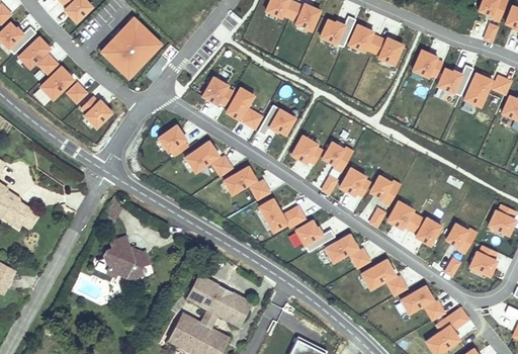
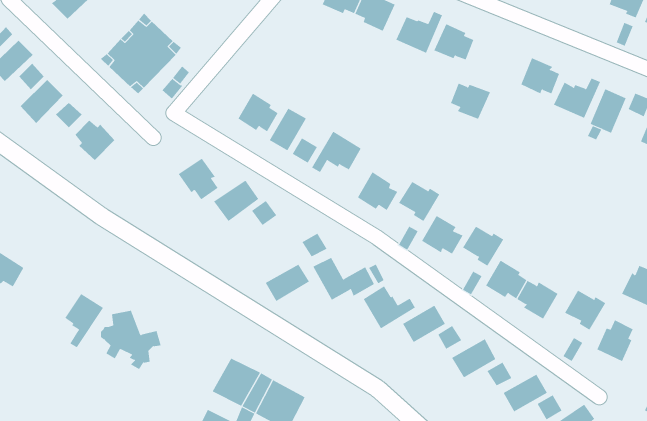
building: [372,36,403,64] -> [450,83,491,119]
building: [223,166,256,194] -> [265,264,310,302]
building: none -> [64,293,104,348]

